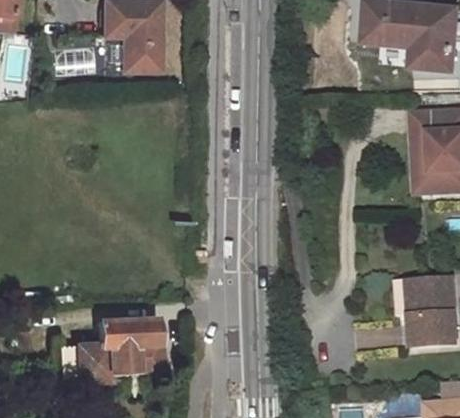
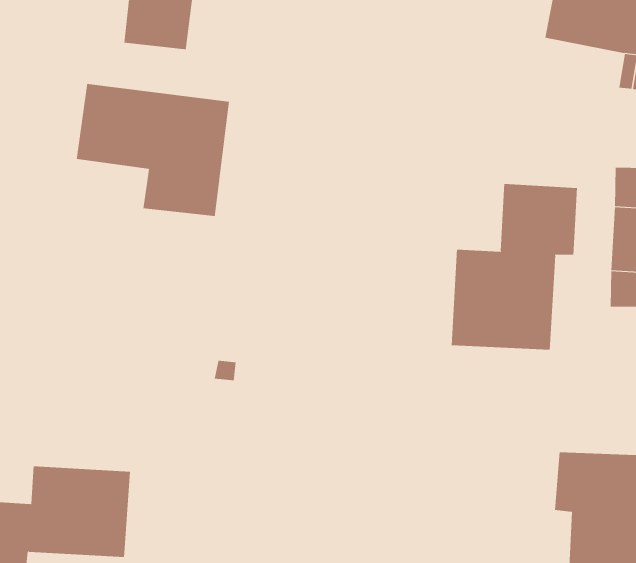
building: none -> [76,83,229,217]
building: none -> [451,183,577,350]

